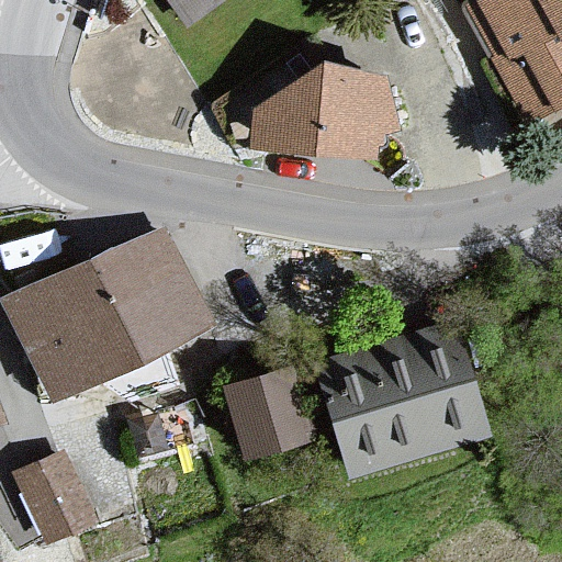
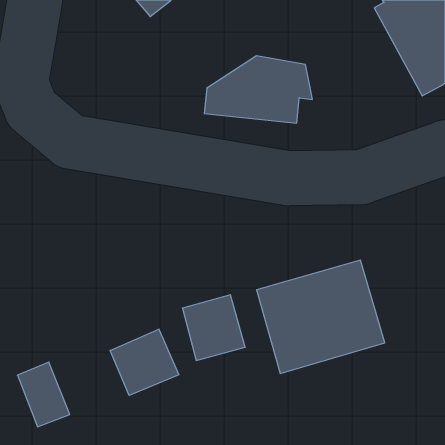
building: [9,233,206,395] -> none
building: none -> [110,329,179,395]

